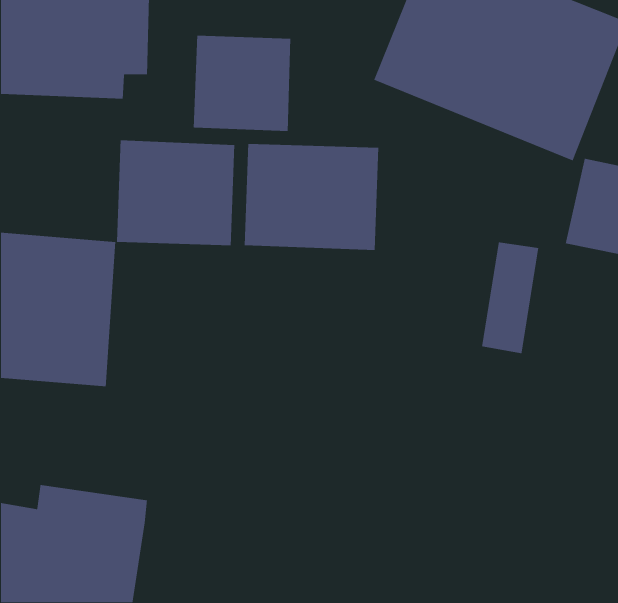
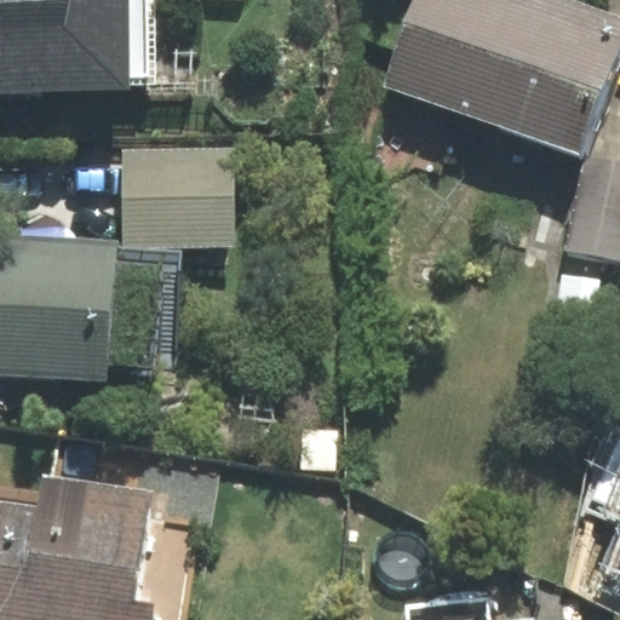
building: [193,35,291,132] -> none
building: [244,143,379,251] -> none

